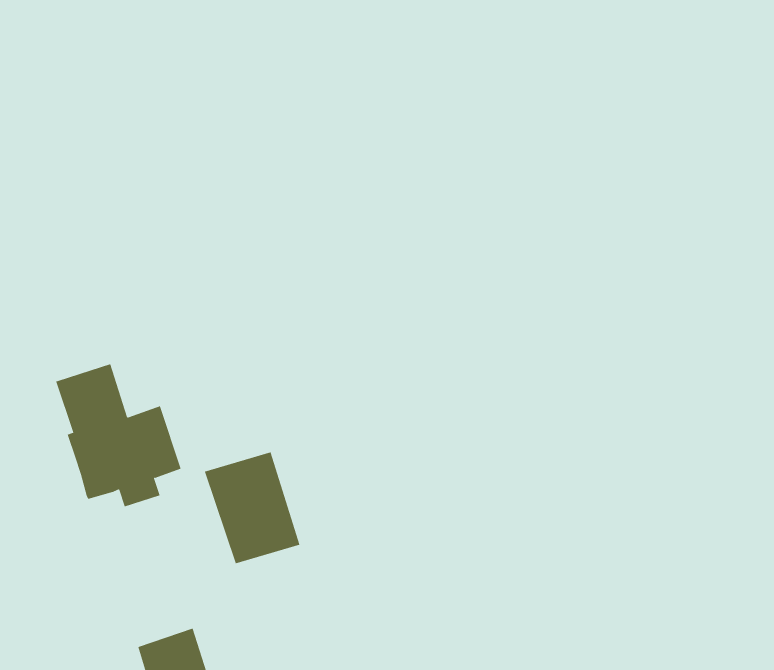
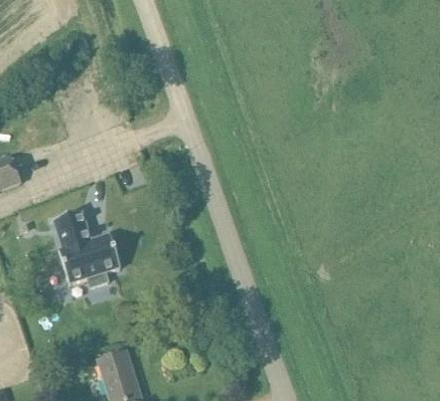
building: [204,451,300,564] -> none

